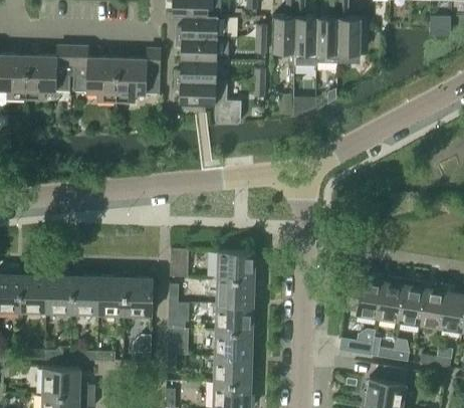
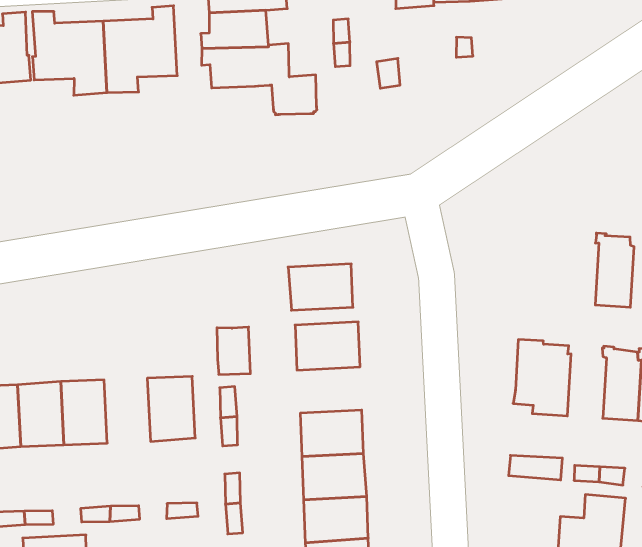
building: [98,275,126,315] -> none
building: [377,275,403,322] -> [595,233,634,307]
building: [216,278,254,305] -> [288,264,353,310]

